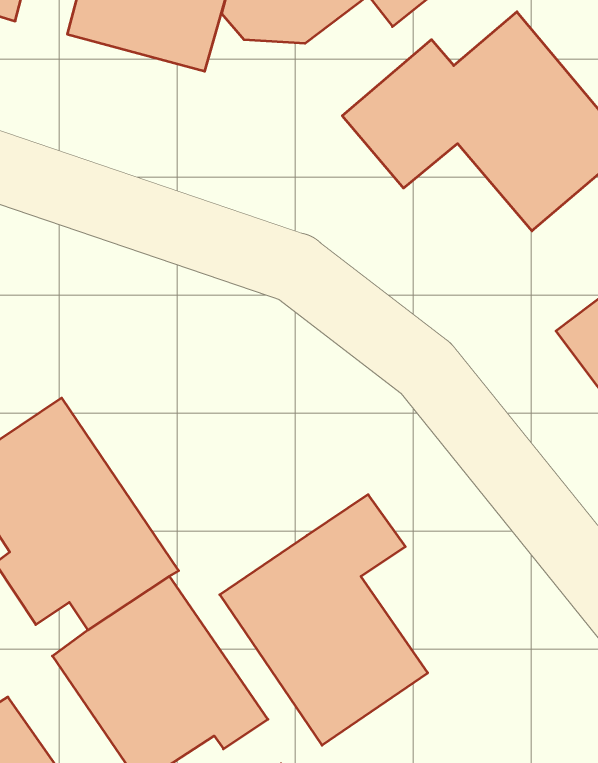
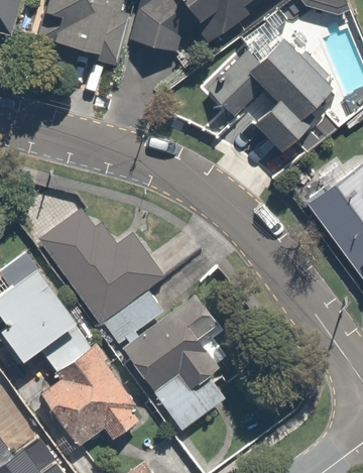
building: none -> [34,200,169,352]

